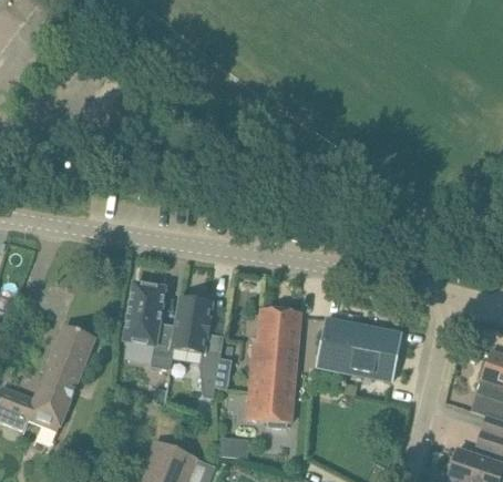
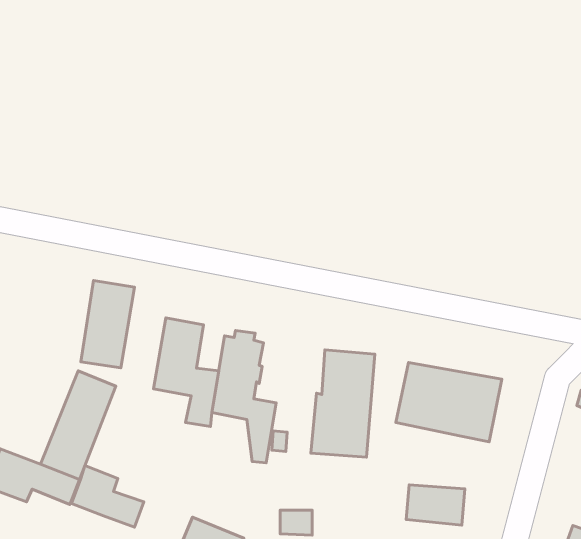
building: none -> [81,280,135,368]
building: [247,390,294,422] -> [406,485,465,525]
building: none -> [71,466,144,527]

